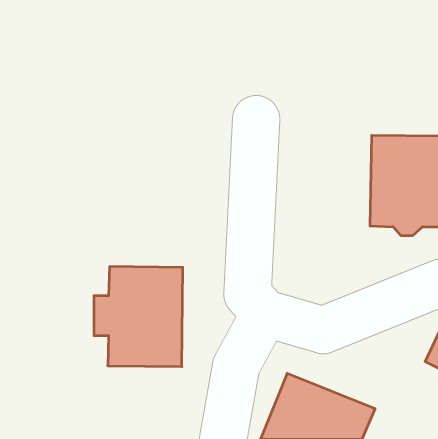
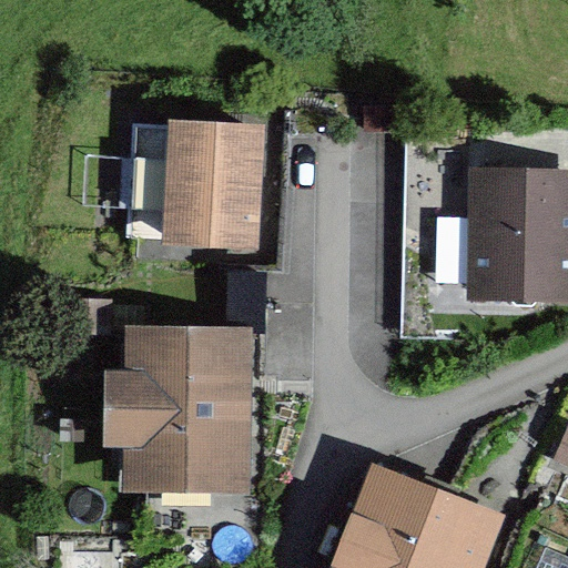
building: none -> [130,122,257,242]

